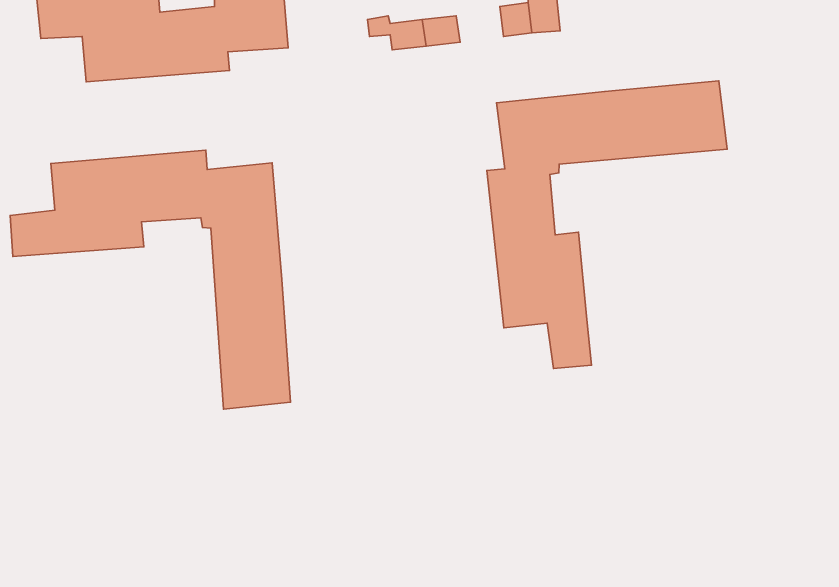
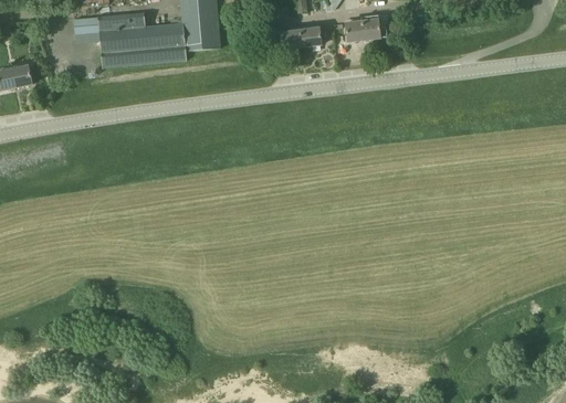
building: [487,81,727,369] -> none
building: [10,150,291,409] -> none

